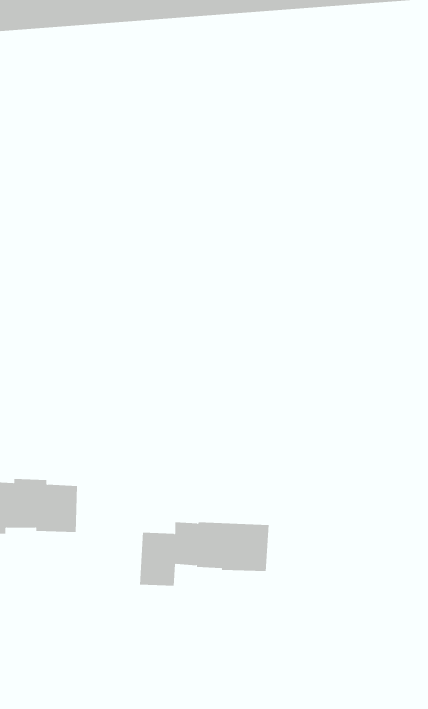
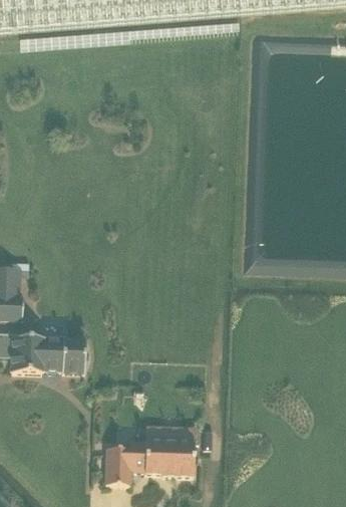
building: [139,522,269,586] -> [104,438,194,482]

